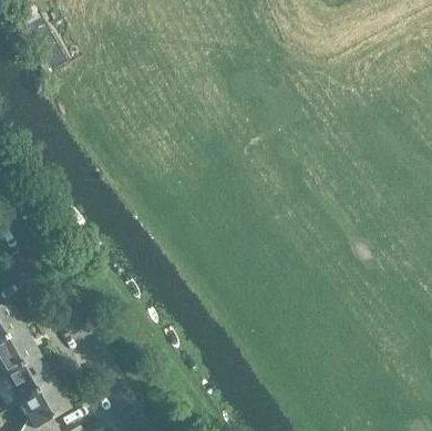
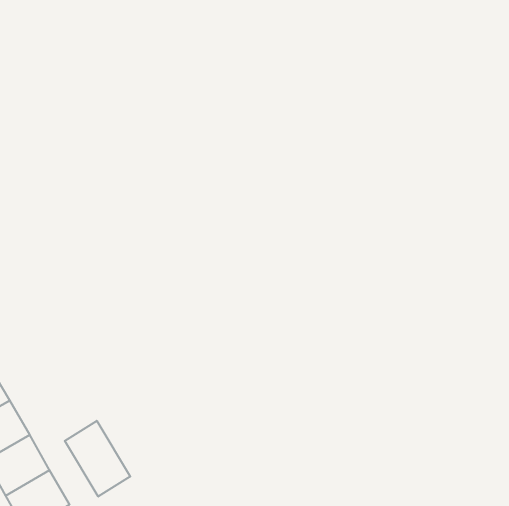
building: none -> [65,421,130,497]

